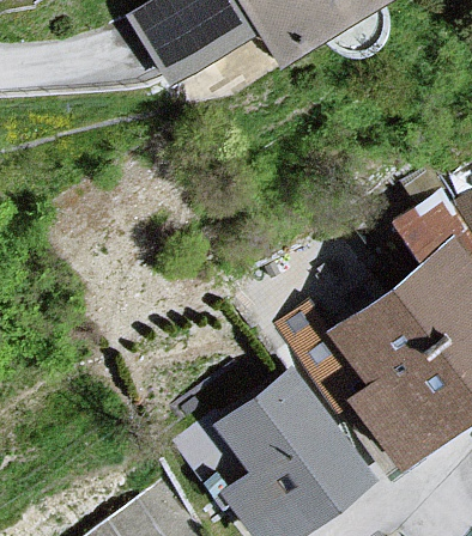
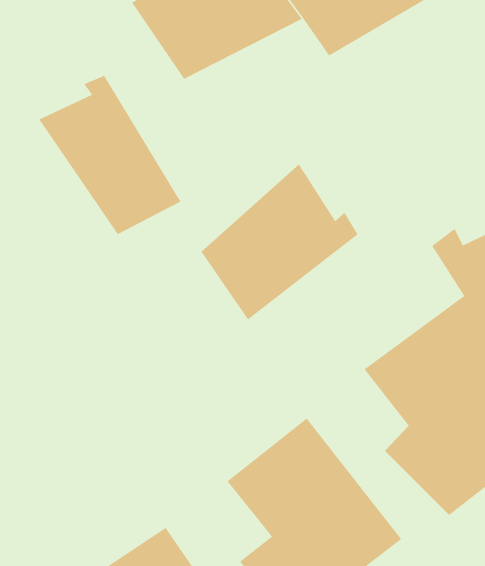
building: none -> [38,75,182,235]
building: none -> [200,164,358,320]

